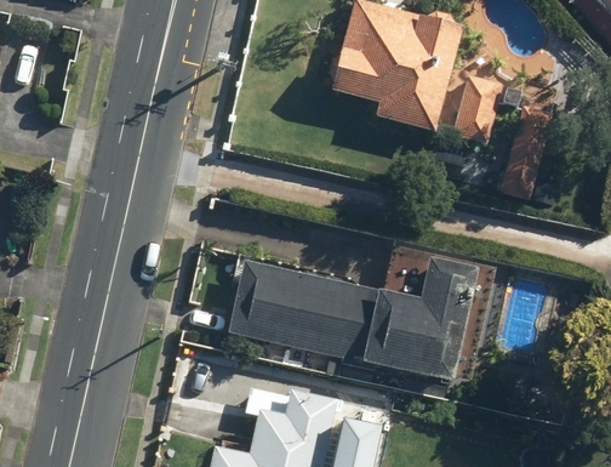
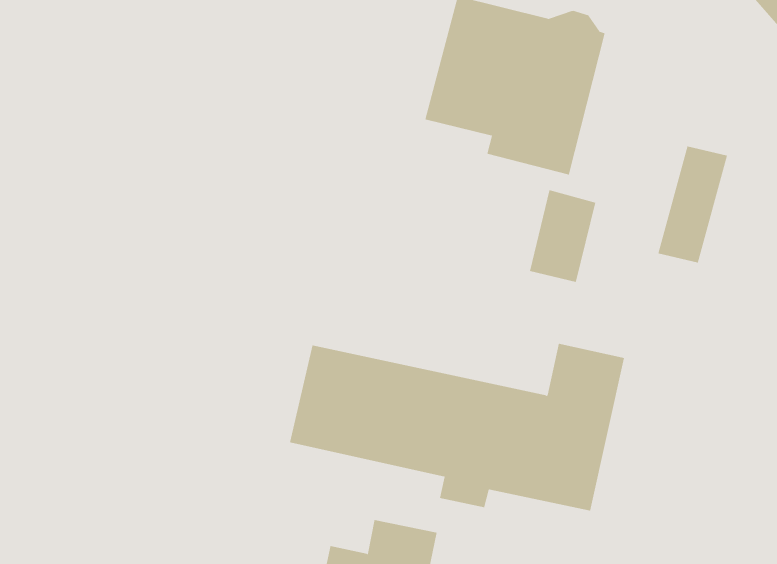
building: [455,73,504,142] -> [529,189,596,282]

